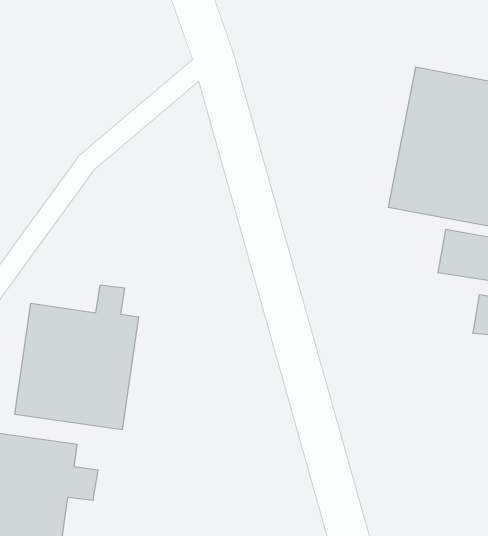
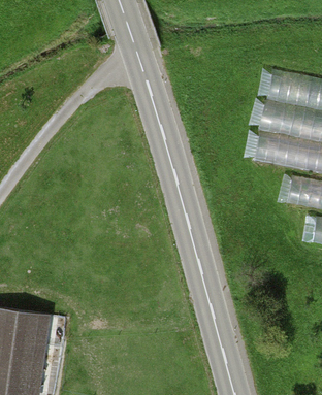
building: [15,285,139,430] -> none

